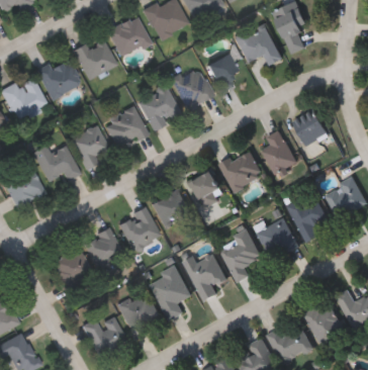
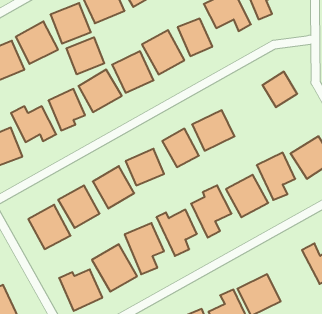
building: none -> [66,37,104,74]
building: [262,129,300,176] -> none
building: [305,300,348,347] -> none

